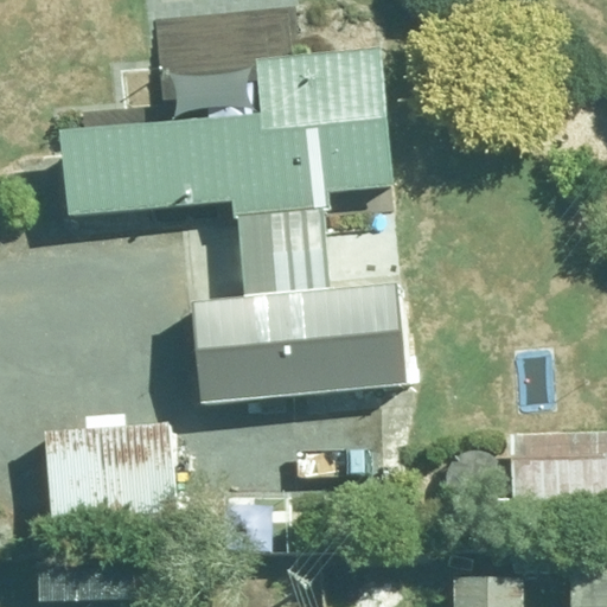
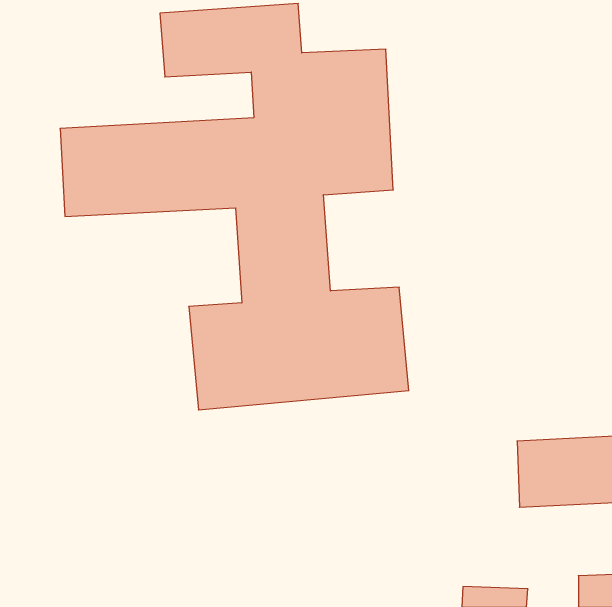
building: [49,422,177,515] -> none

